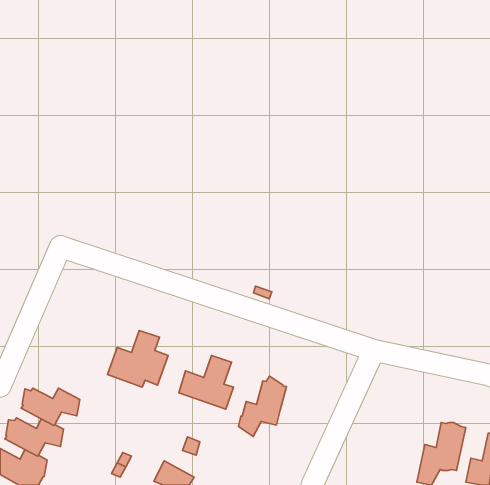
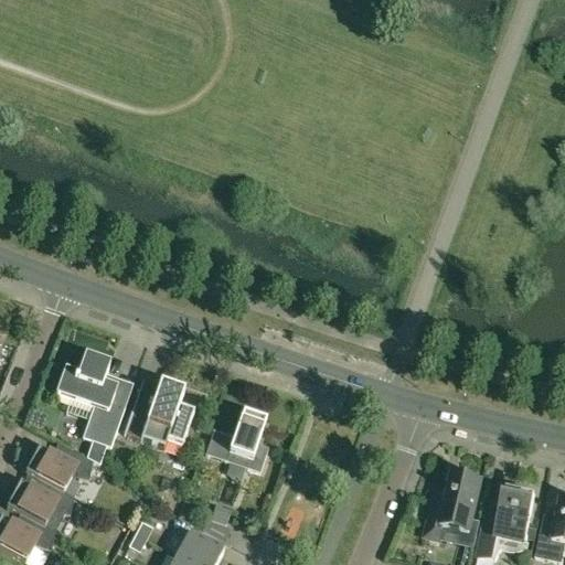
building: none -> [56,353,124,462]
building: [238,376,286,436] -> none
building: none -> [426,470,482,545]

